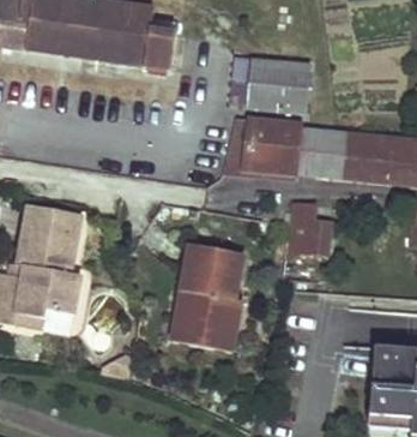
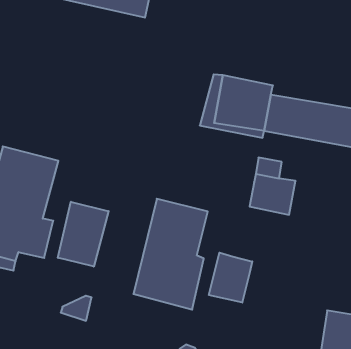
building: [248,59,308,113] -> none
building: none -> [58,202,109,267]
building: none -> [209,253,252,303]

